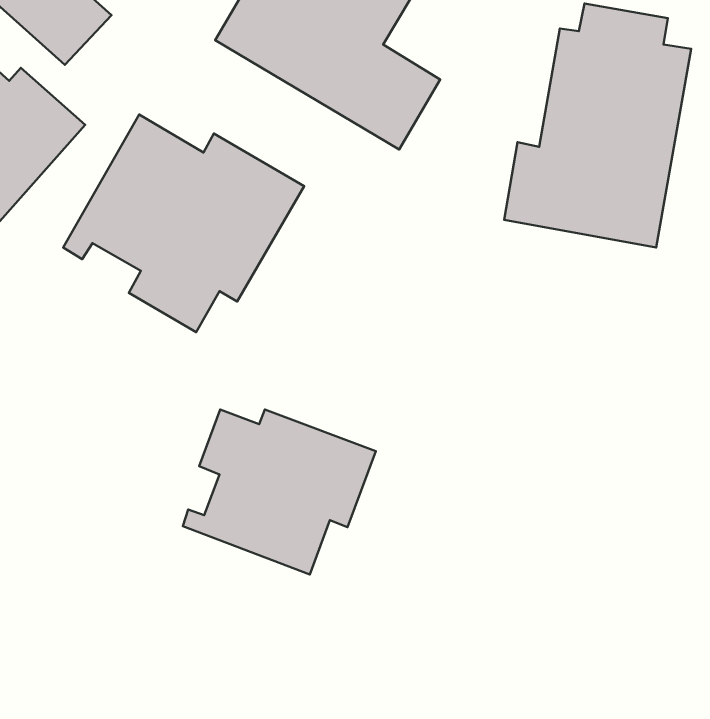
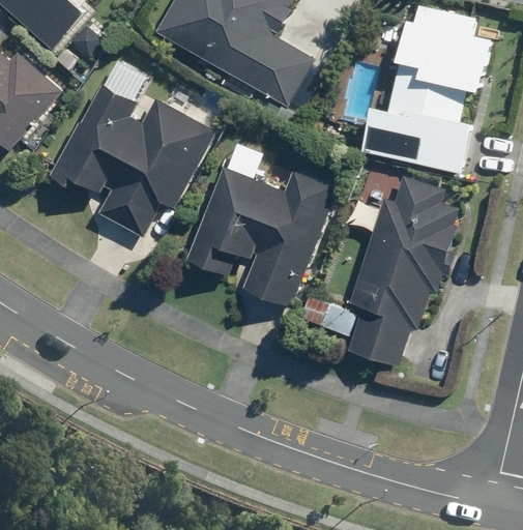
building: none -> [184,165,337,310]
building: none -> [300,174,465,367]
building: [183,409,376,575] -> none

